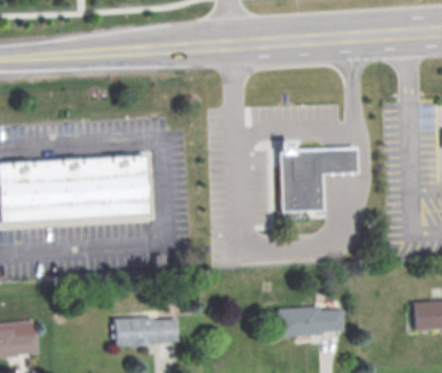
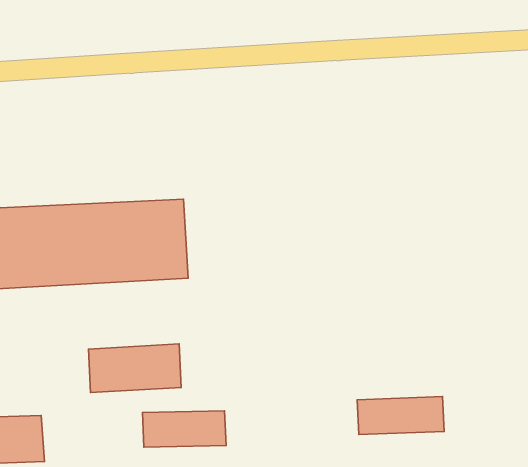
building: [280,139,357,210] -> none
building: none -> [88,344,181,392]

